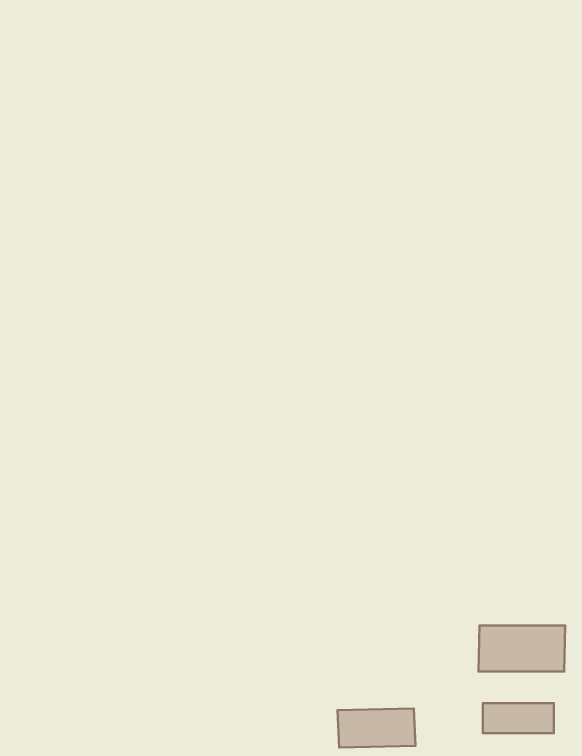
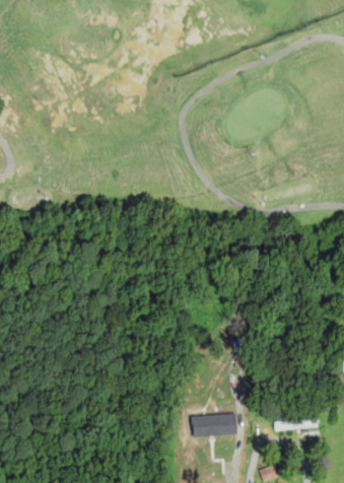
building: [478,626,565,672] -> none

